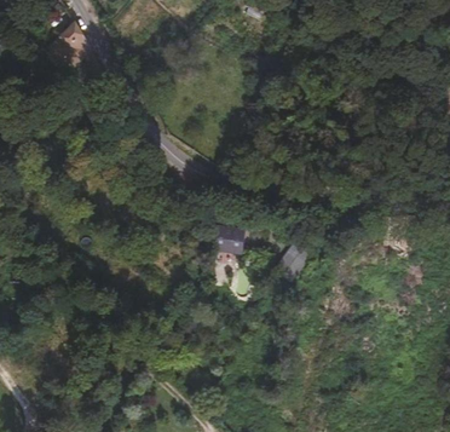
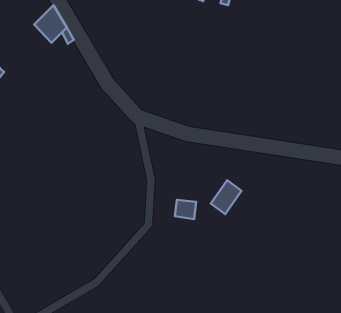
building: [213,224,240,248] -> [175,200,196,219]

